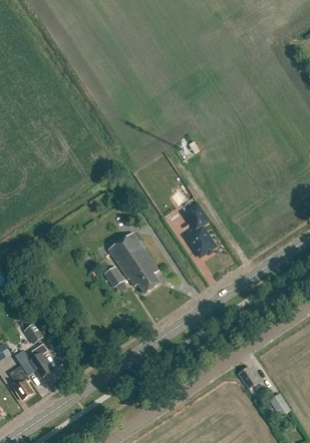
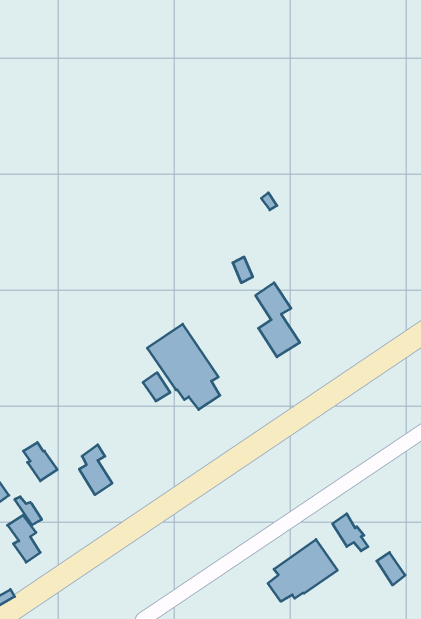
building: [30,343,53,378] -> [79,445,112,495]
building: none -> [268,539,337,601]

